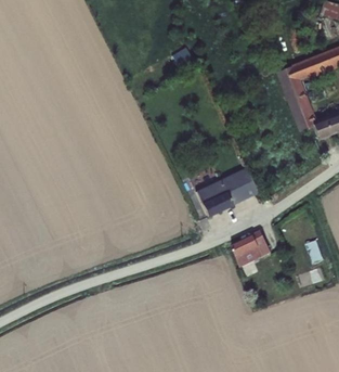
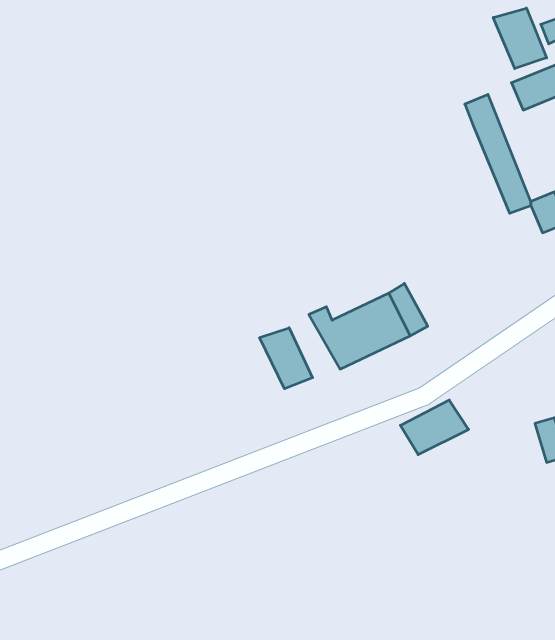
building: none -> [493,8,547,69]
building: none -> [260,328,313,389]

